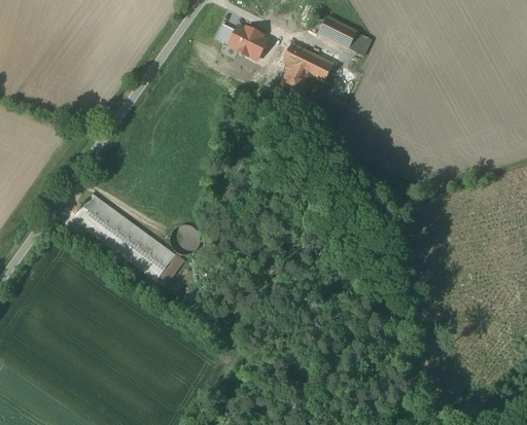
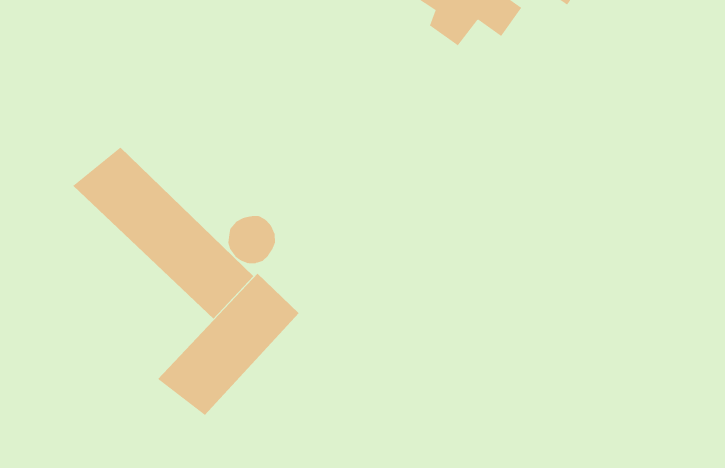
building: none -> [157,273,300,416]

